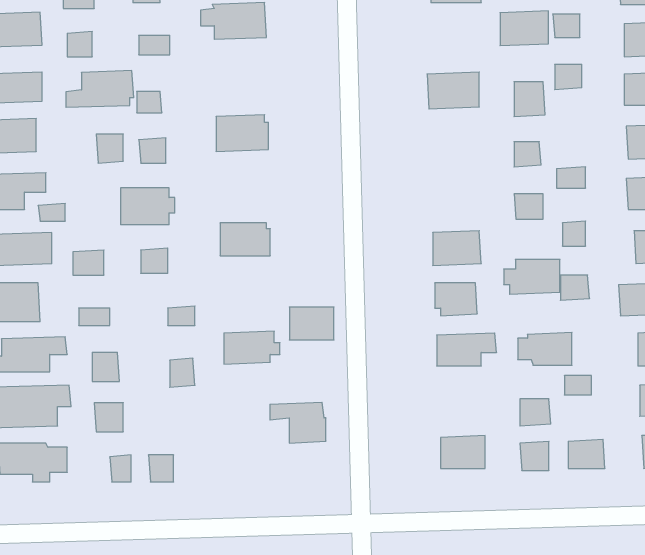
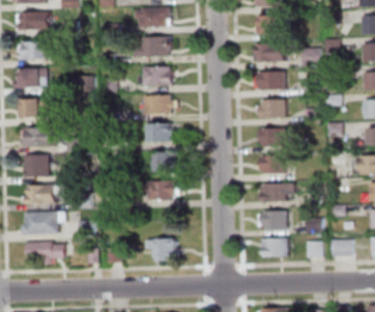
building: [500,11,548,46] -> [257,15,283,33]
building: [66,71,134,107] -> [134,35,170,55]
building: none -> [253,72,284,89]
building: [121,188,175,225] -> [144,94,173,114]
building: [504,259,560,294] -> [255,100,285,118]
building: [289,307,334,340] -> [150,152,174,170]
building: [518,332,572,365] -> [257,210,286,228]
building: [270,402,326,443] -> [146,238,176,260]

